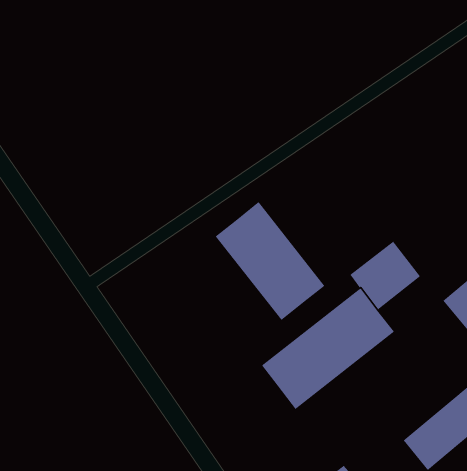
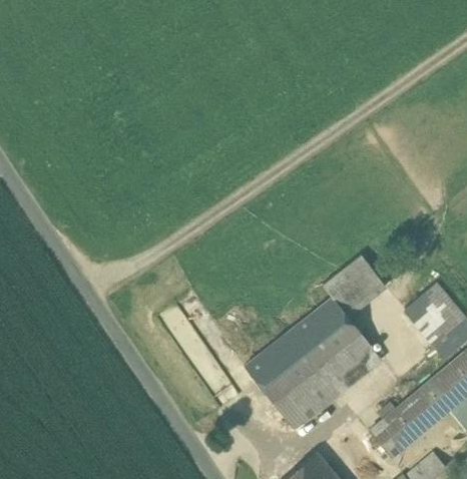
building: [215,201,325,321] -> none
building: none -> [274,336,381,429]

